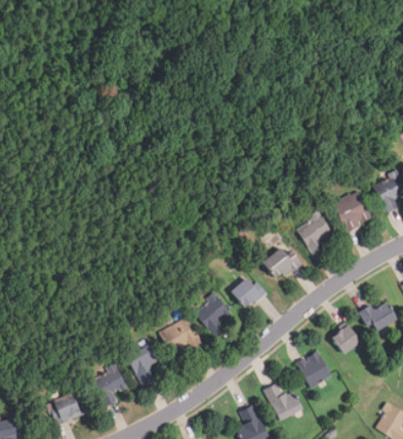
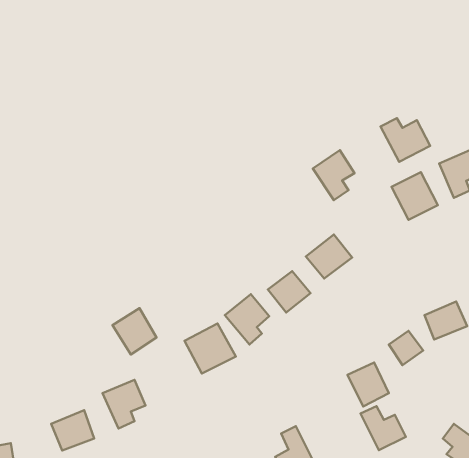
building: none -> [380,118,430,162]
building: [296,212,331,254] -> [313,150,355,200]
building: [128,347,165,386] -> [113,308,157,355]
building: [265,383,303,420] -> [360,406,406,450]

